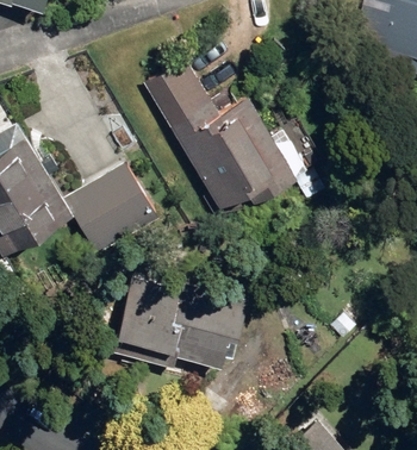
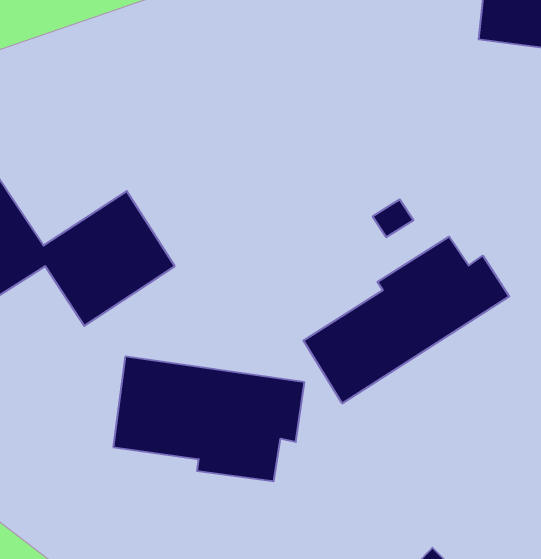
building: [141,57,287,202] -> none
building: none -> [303,237,509,403]

